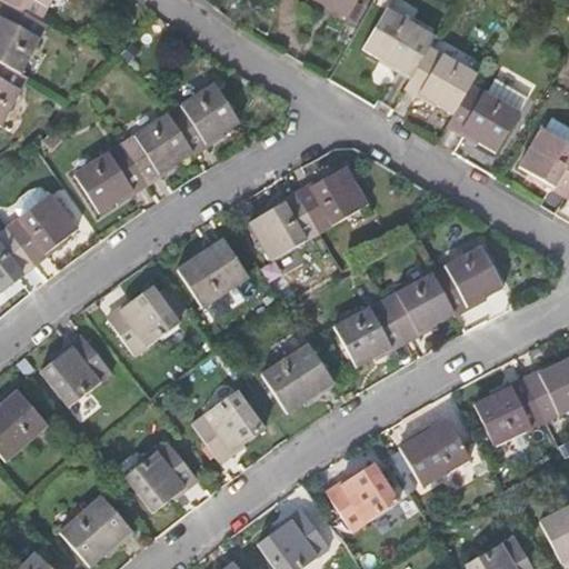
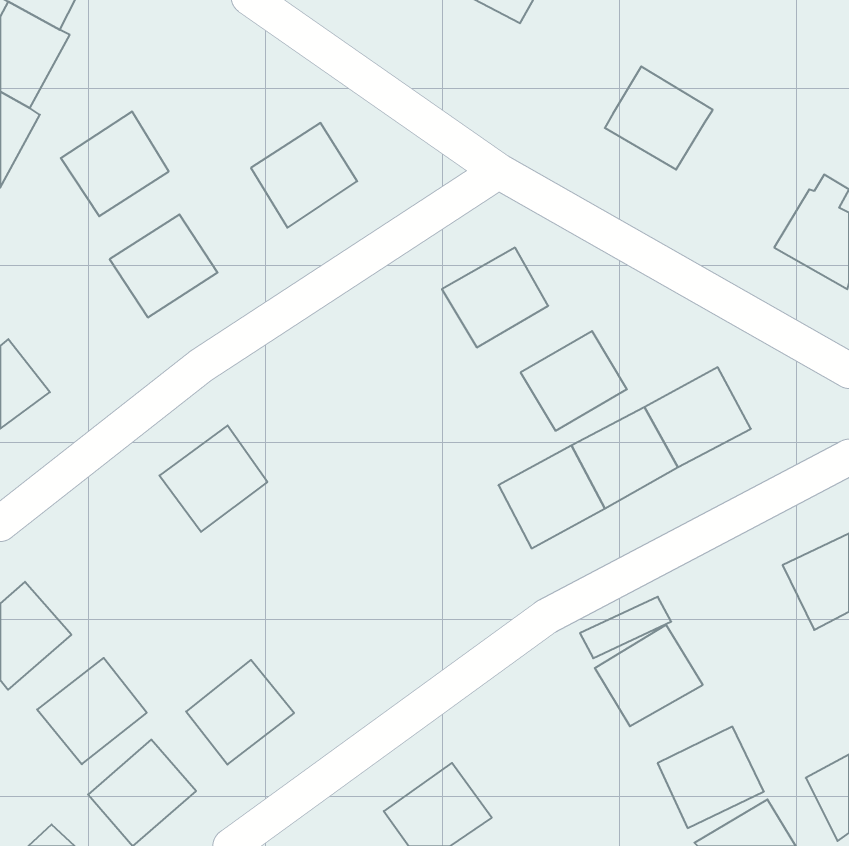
building: [362,8,435,76] -> none
building: [447,78,528,151] -> none
building: [120,112,192,182] -> [61,112,169,216]
building: [6,193,77,262] -> none
building: [248,193,319,260] -> [521,331,627,431]
building: [176,237,248,307] -> none
building: [39,336,112,407] -> [37,658,147,764]
building: [260,342,333,412] -> none
building: [473,378,545,446] -> [658,727,764,828]
building: [191,390,264,461] -> none
building: [326,462,399,531] -> none

